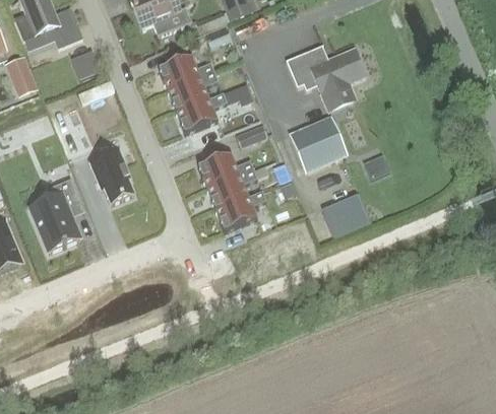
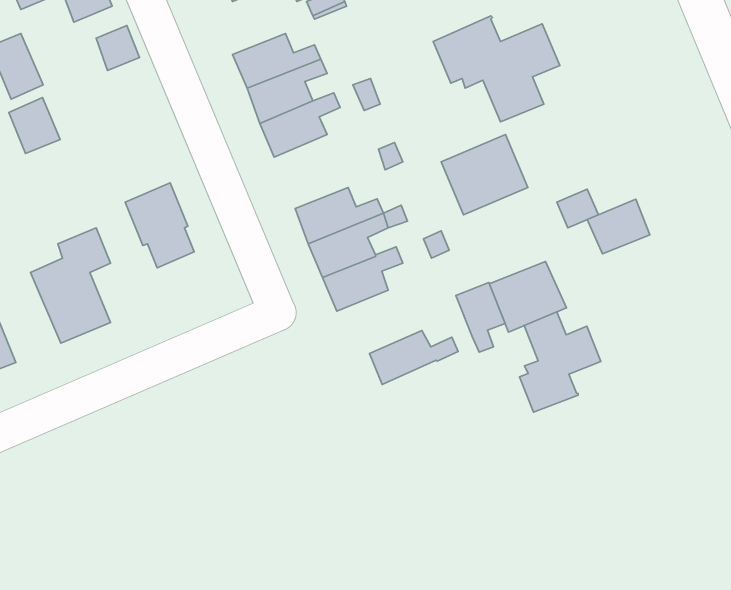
building: none -> [9,98,60,154]
building: none -> [587,199,650,254]
building: none -> [456,282,505,352]
building: none -> [519,312,601,412]
building: none -> [369,330,458,384]

